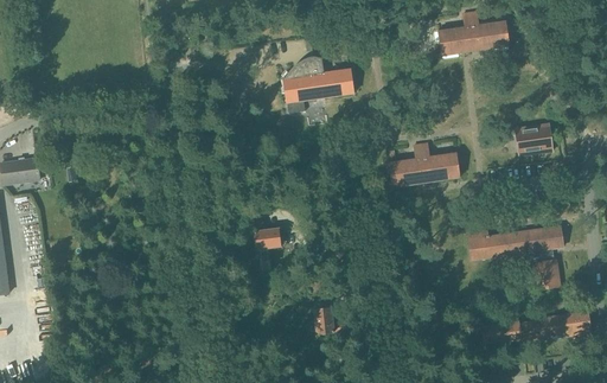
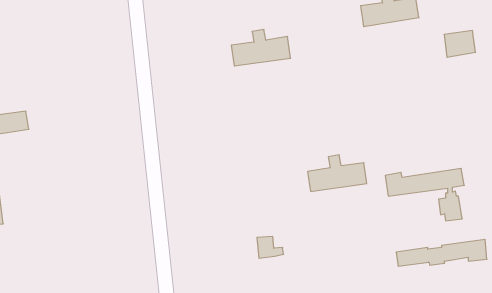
building: [515,123,552,155] -> [444,31,476,57]
building: [389,142,460,186] -> [308,155,367,191]
building: [253,218,282,248] -> none

